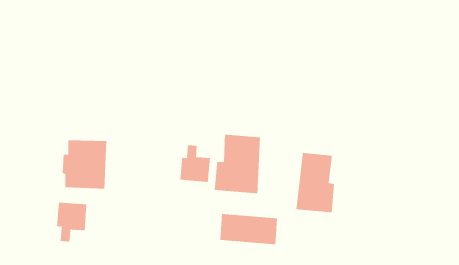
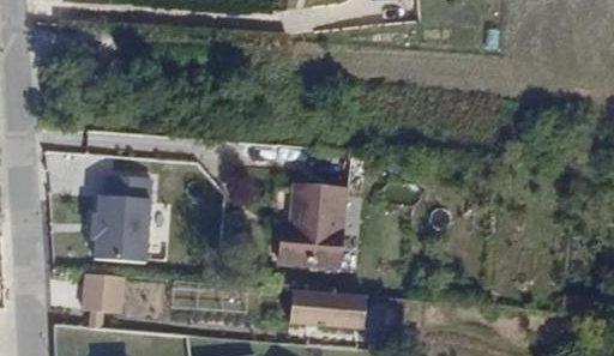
building: [180,144,211,183] -> none
building: [296,152,335,213] -> none

